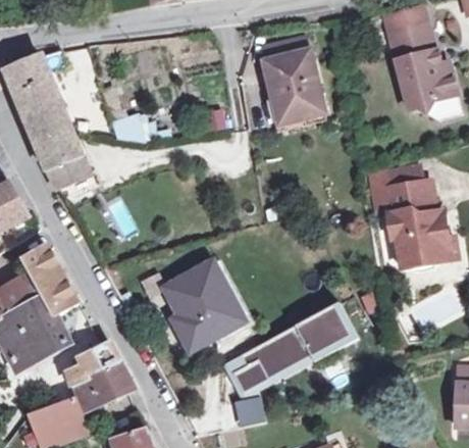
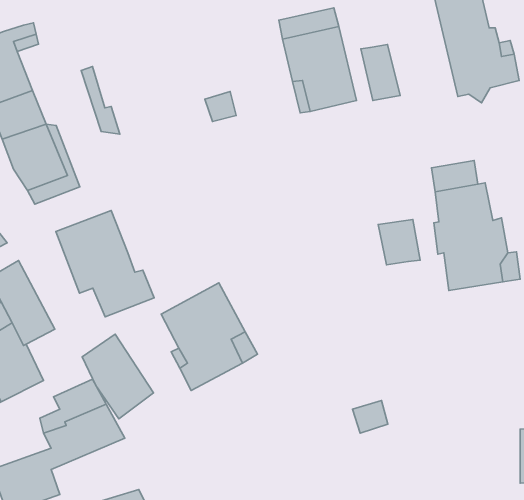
building: none -> [361,44,400,100]
building: none -> [56,211,154,317]
building: none -> [378,219,420,265]
building: none -> [82,334,154,419]
building: [217,304,353,429] -> none

